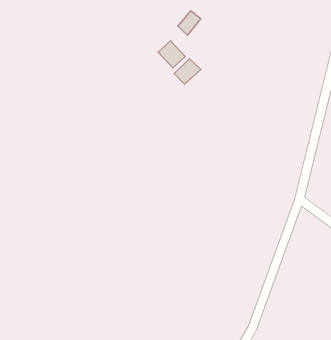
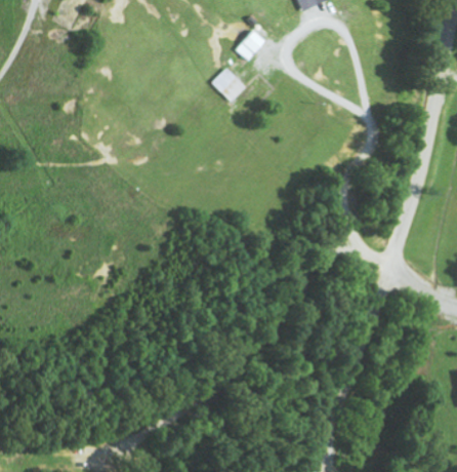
building: [174,59,201,84] -> none

